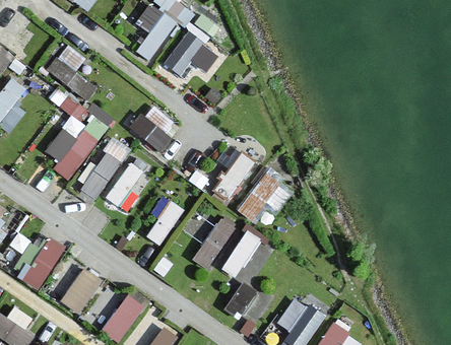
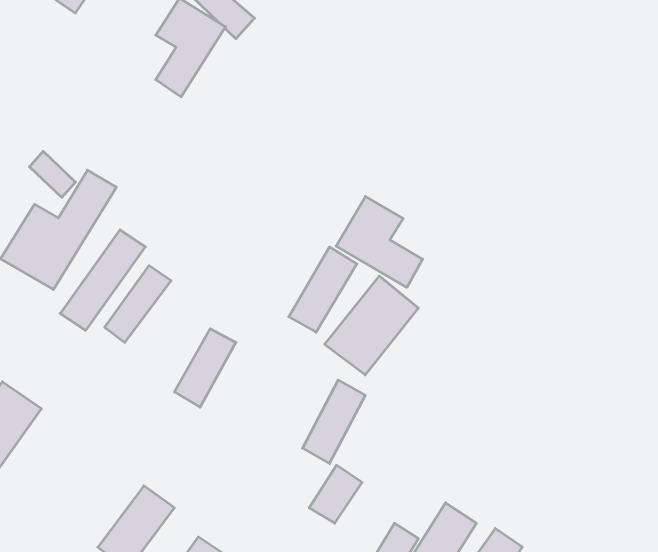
building: [164,18,217,76] -> none
building: [47,45,98,99] -> none
building: [131,105,178,150] -> none
building: none -> [336,196,423,287]
building: [196,217,233,271] -> none
building: [61,267,103,315] -> none

